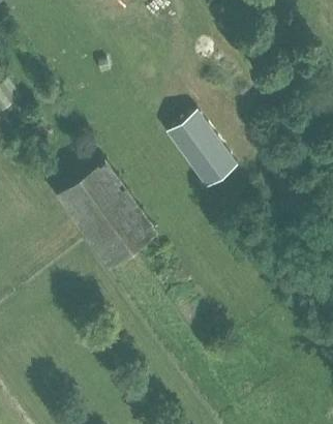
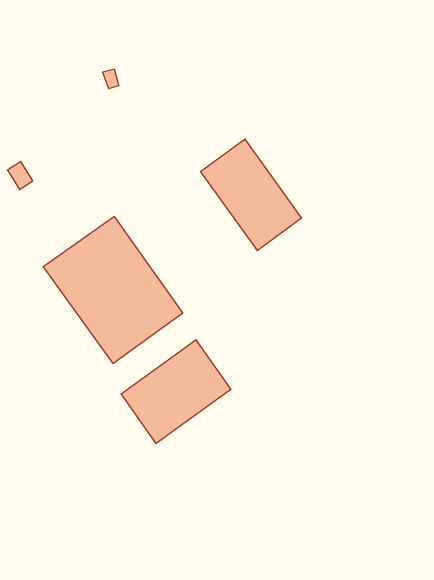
building: none -> [121,340,231,443]

